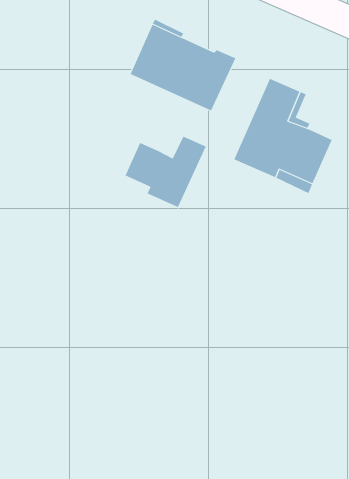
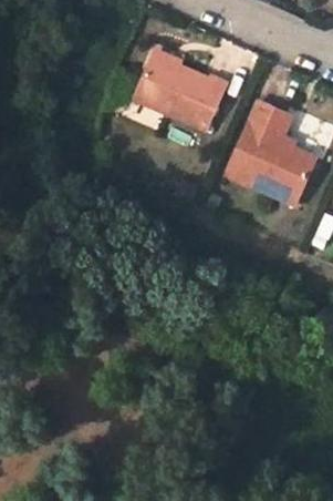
building: [125,136,206,208] -> none

